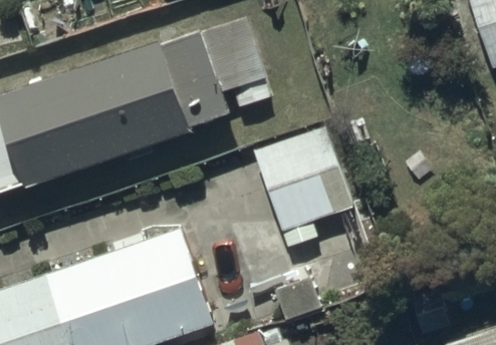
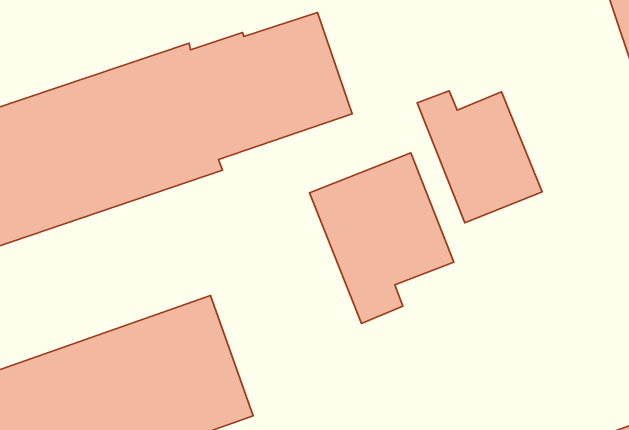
building: none -> [417,91,542,223]

